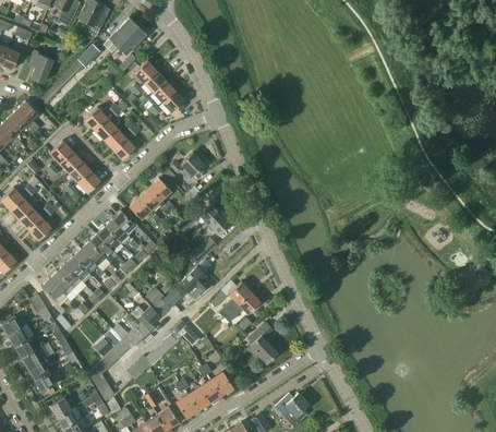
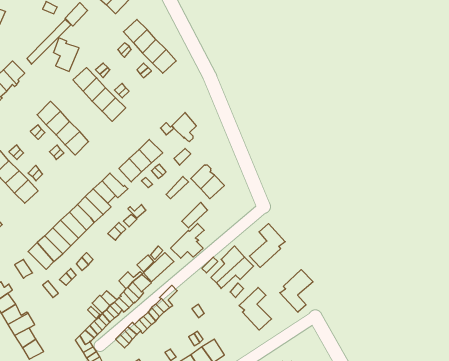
building: [28,50,53,83] -> [53,38,79,71]
building: none -> [249,224,285,267]
building: none -> [280,270,313,312]

